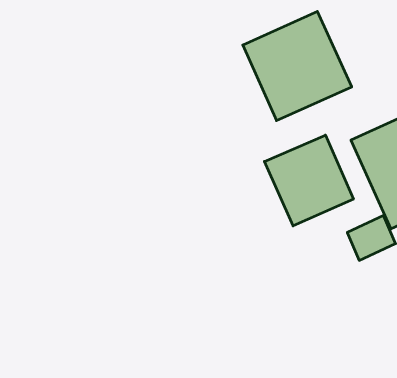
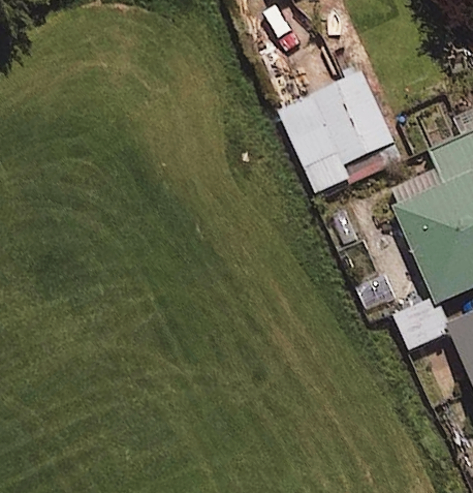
building: [264,135,353,226] -> none

